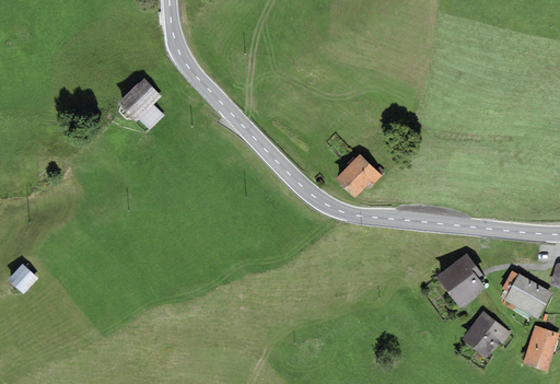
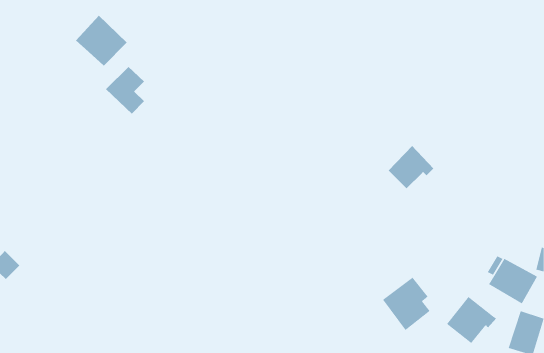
building: none -> [75,15,127,67]
building: [335,153,381,197] -> [388,145,434,189]
building: [435,253,483,306] -> [382,277,431,331]

